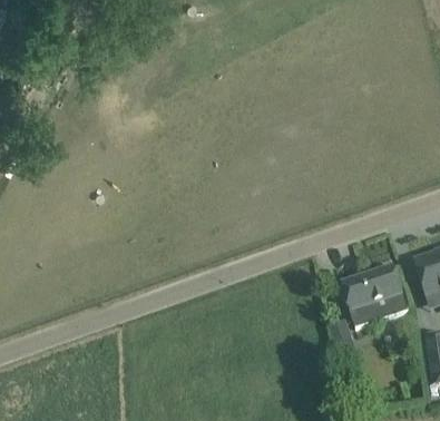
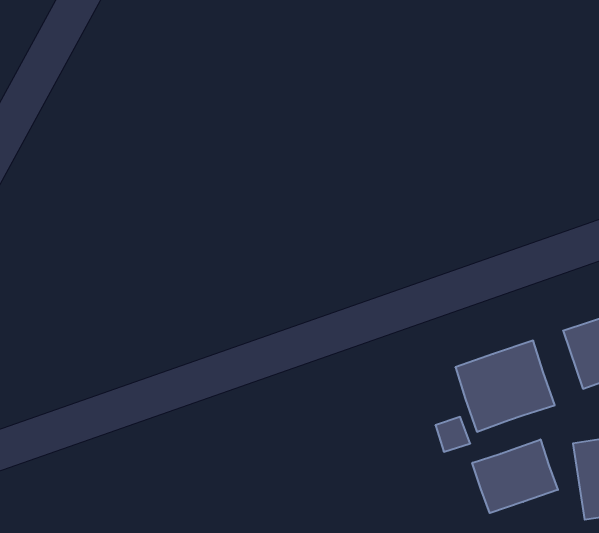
building: none -> [472,439,558,513]

